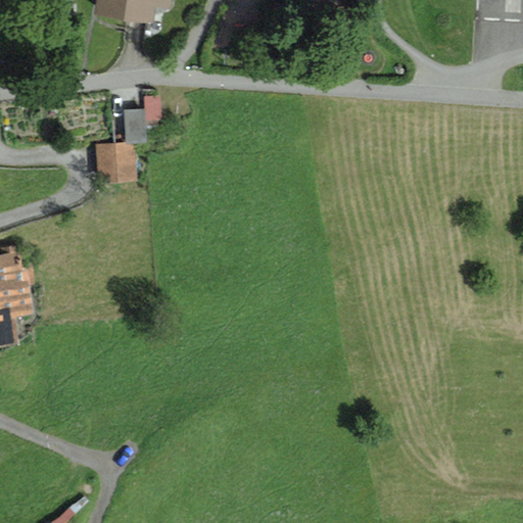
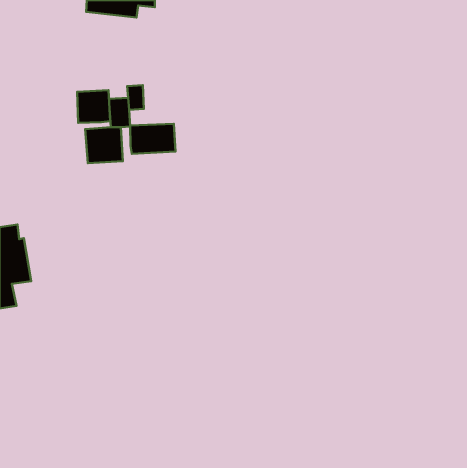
building: none -> [77,90,110,123]
building: none -> [130,124,175,154]

